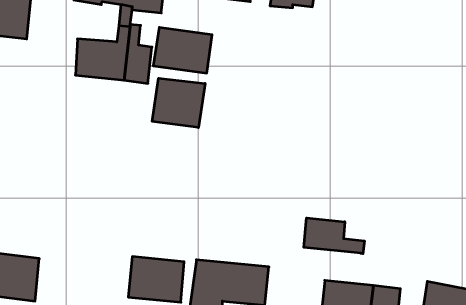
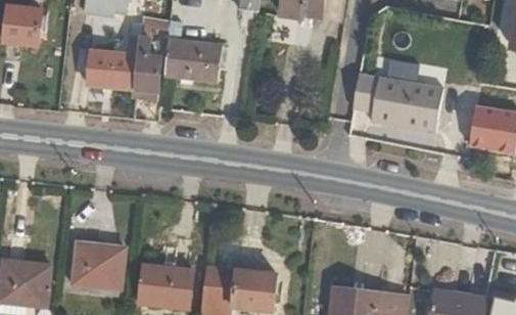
building: none -> [351,73,440,131]
building: [152,78,205,128] -> none
building: [304,218,364,254] -> none
building: none -> [71,241,126,289]

